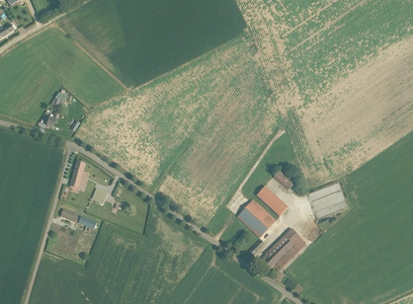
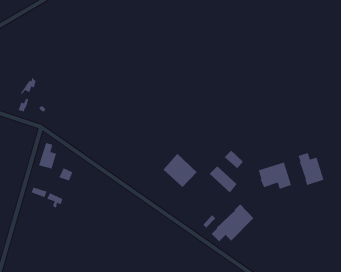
building: none -> [298,152,324,186]
building: [236,199,274,237] -> [162,153,197,188]

